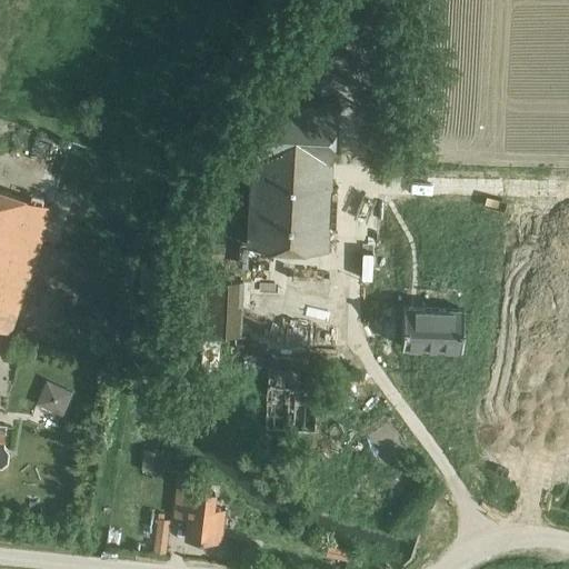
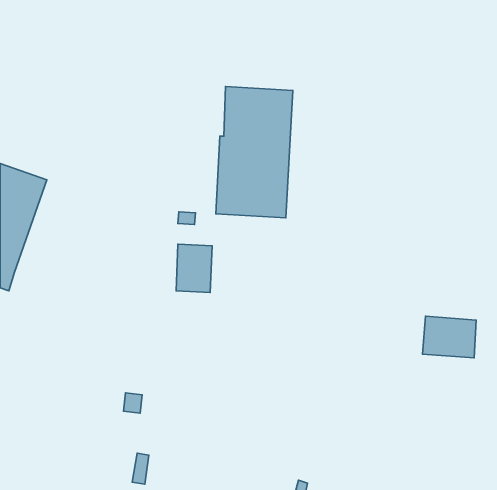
building: [402,310,463,358] -> [423,316,476,358]
building: [36,388,72,422] -> none
building: [174,495,218,548] -> none

